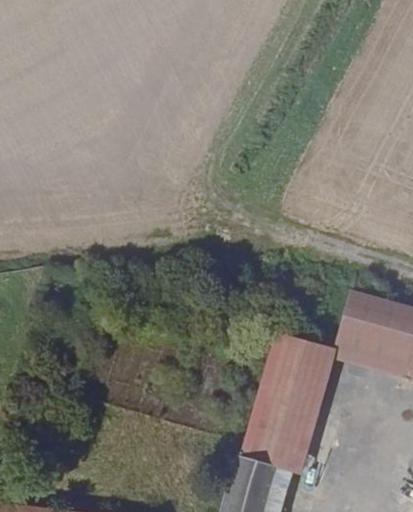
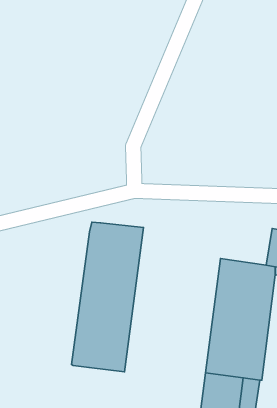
building: none -> [72,222,144,372]

